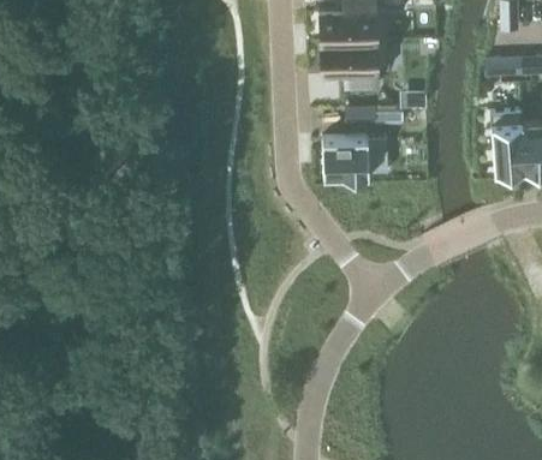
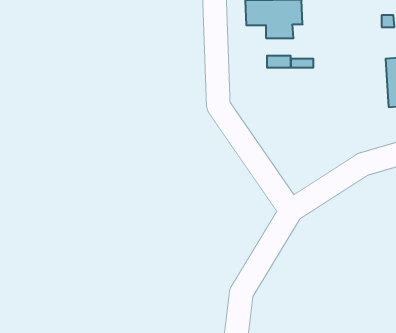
building: [323,136,370,174] -> none

